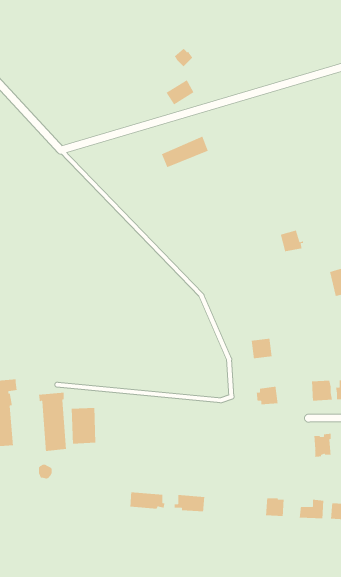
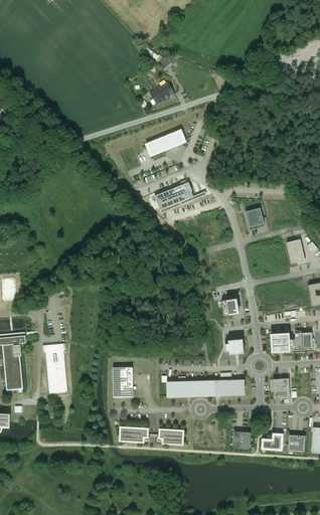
building: none -> [154,180,206,209]
building: [71,407,96,444] -> [112,366,133,397]
building: none -> [166,379,245,396]

